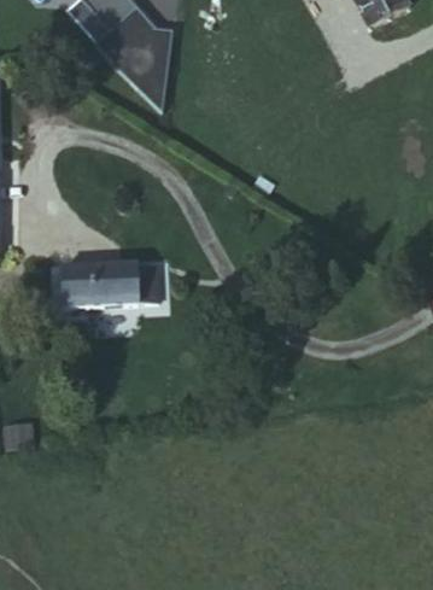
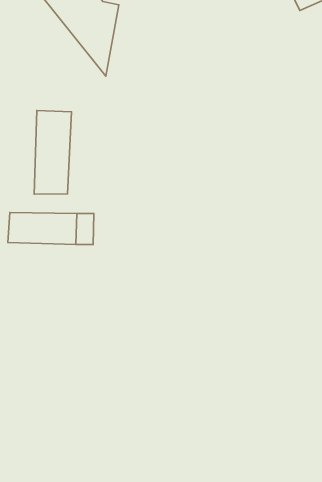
building: none -> [34,111,71,194]

